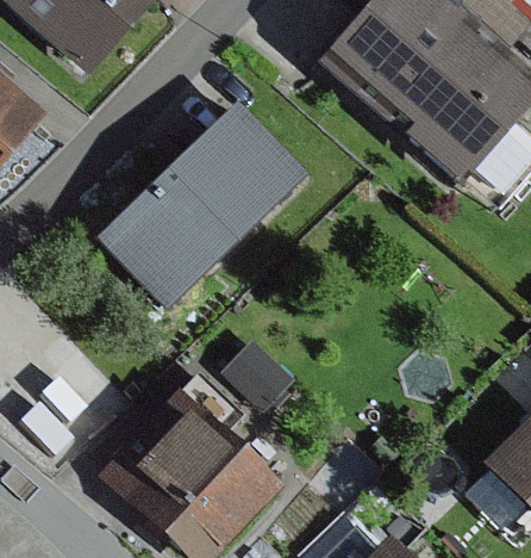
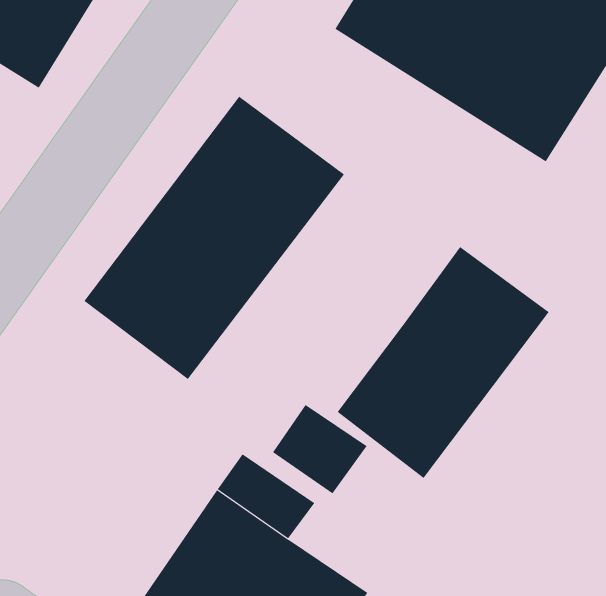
building: none -> [337,246,550,479]

